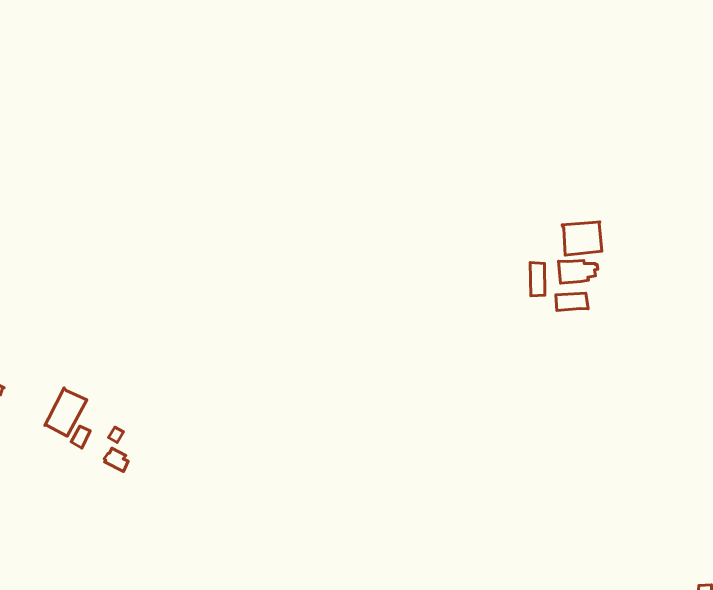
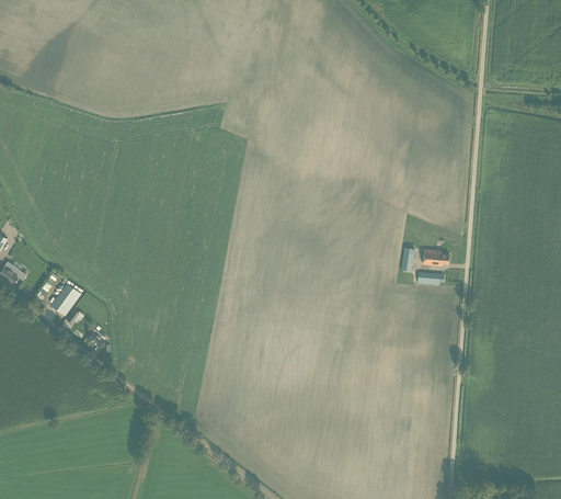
building: [562,222,602,255] -> none

